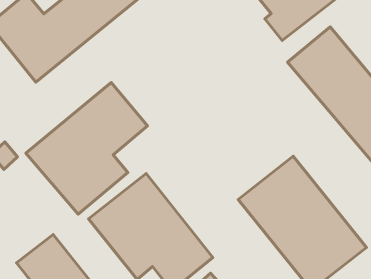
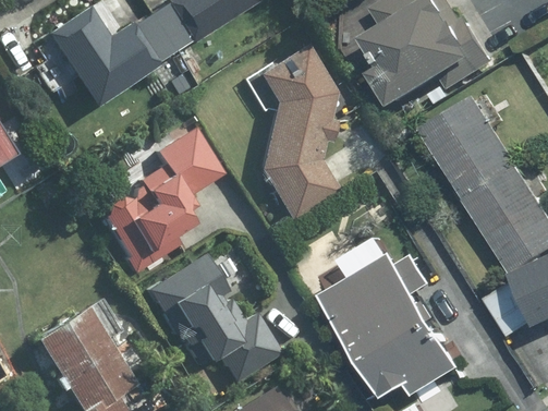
building: none -> [255,46,338,219]

